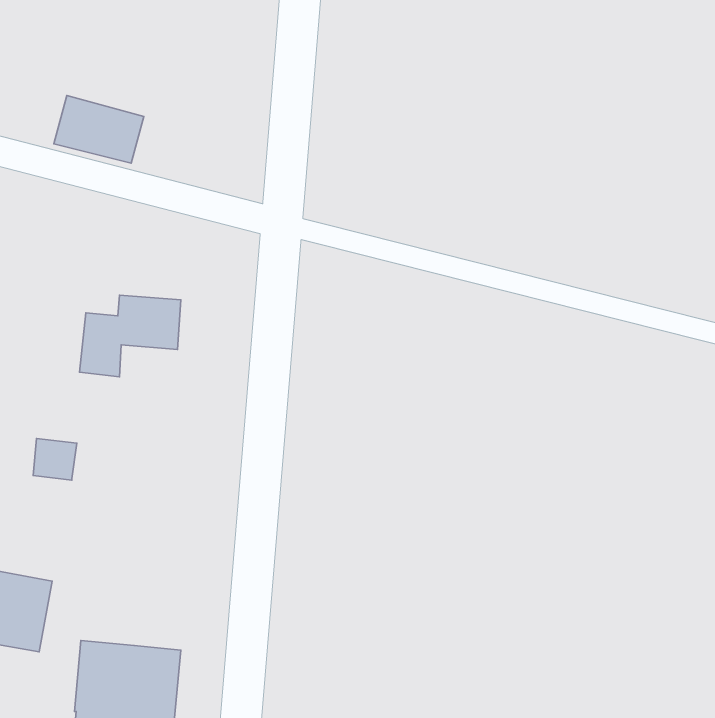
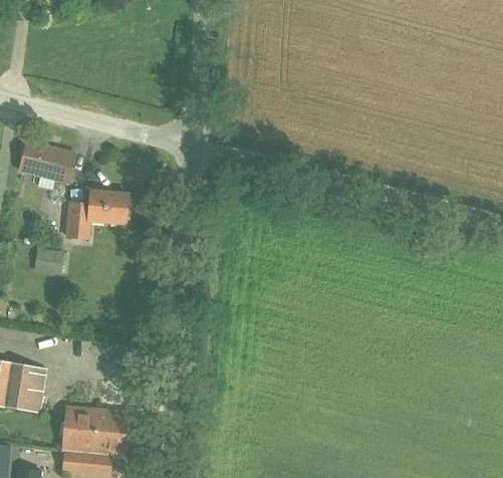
building: [54,96,144,163] -> [19,142,75,184]
building: [33,438,77,480] -> [35,249,62,275]

